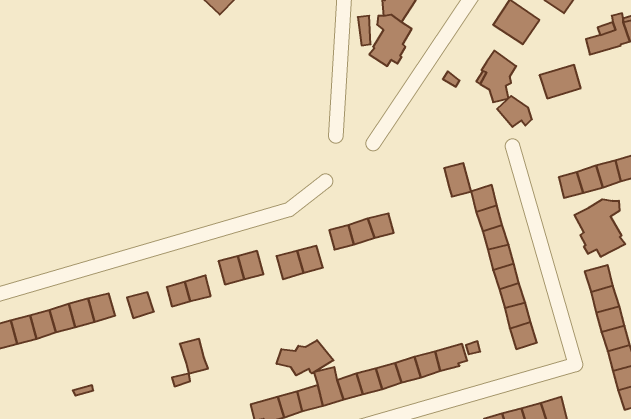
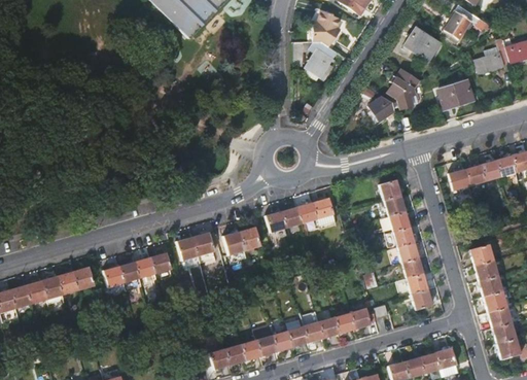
building: [497,96,532,127] -> [364,98,392,123]
building: [444,163,471,197] -> [315,198,337,224]
building: [574,199,625,257] -> none
building: [180,339,208,374] -> [122,261,145,288]
building: [277,340,334,375] -> none

